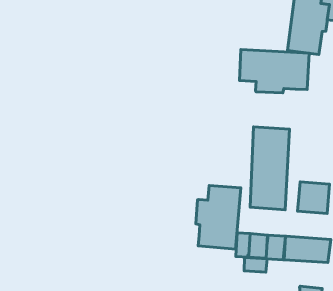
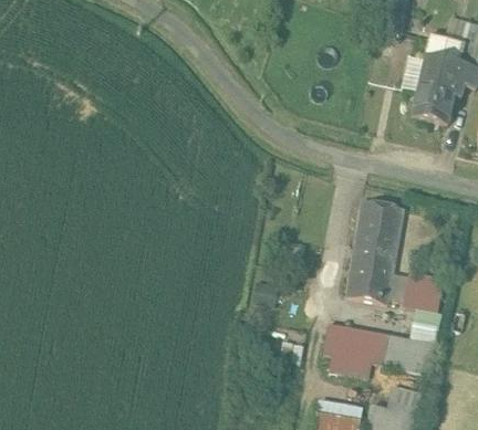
building: [239,50,309,93] -> none
building: [196,185,241,249] -> none

